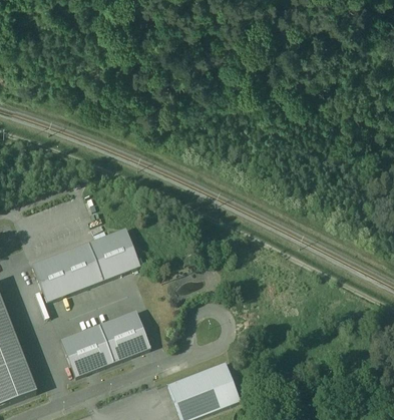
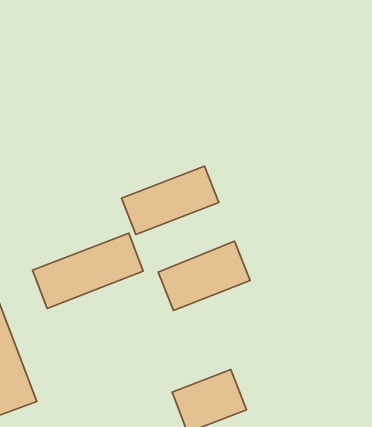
building: none -> [122,166,219,235]
building: [62,310,151,377] -> [158,241,250,310]

